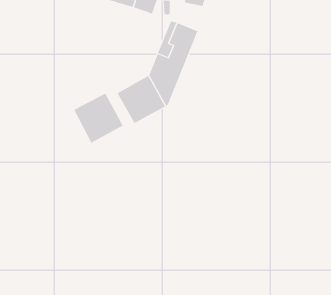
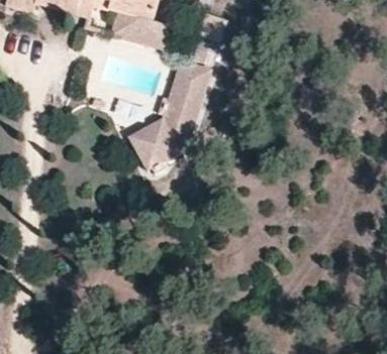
building: [74,93,124,143] -> none

